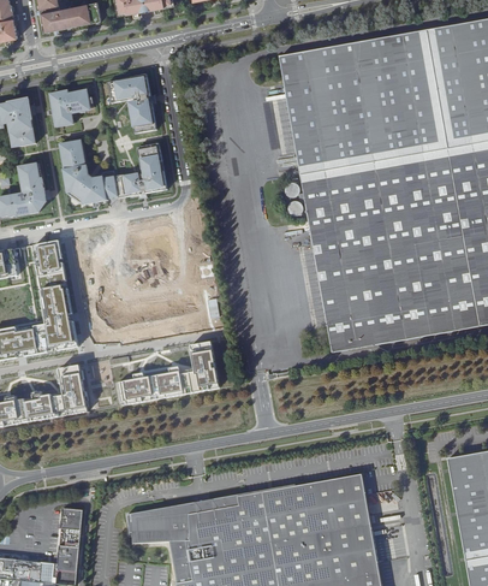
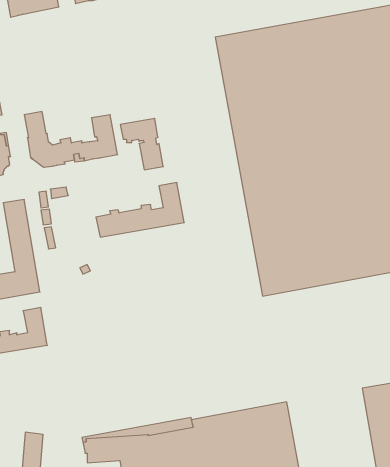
building: [107,75,156,134] -> [120,118,163,170]
building: [50,90,93,128] -> none
building: [118,343,219,406] -> [96,183,184,237]

